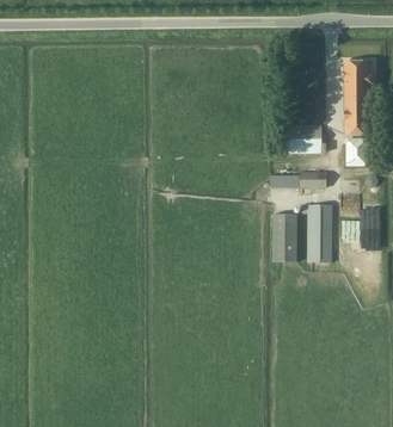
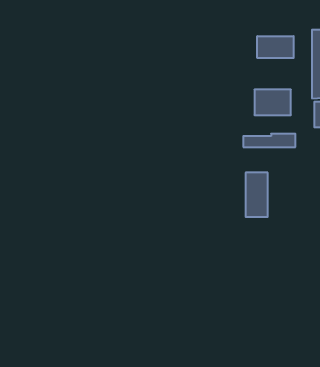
building: none -> [257,36,294,58]
building: [301,204,332,262] -> none

